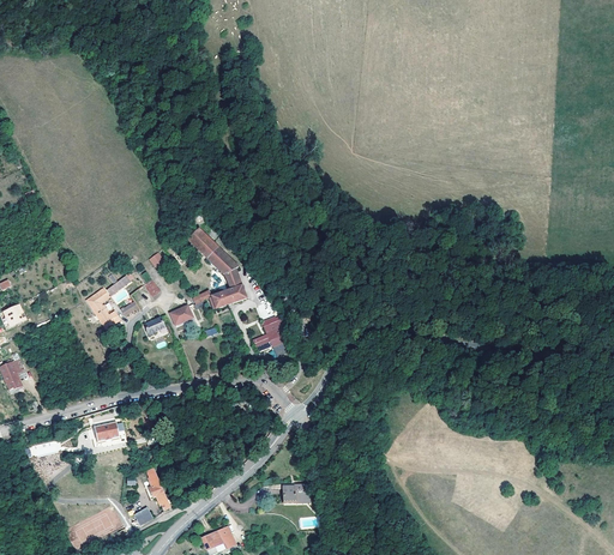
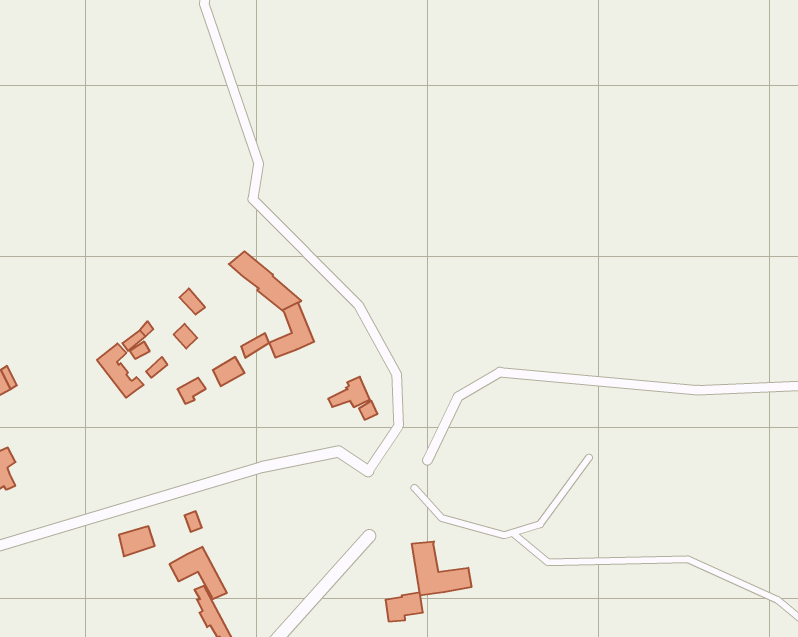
building: none -> [170,547,227,599]
building: none -> [412,541,471,595]

